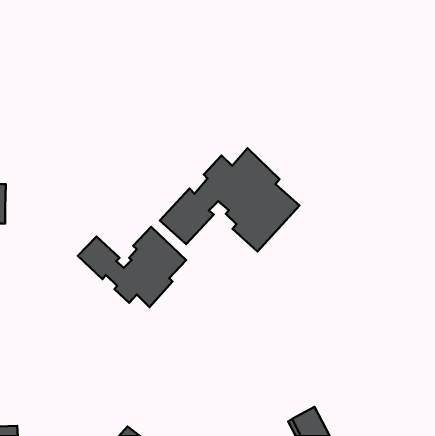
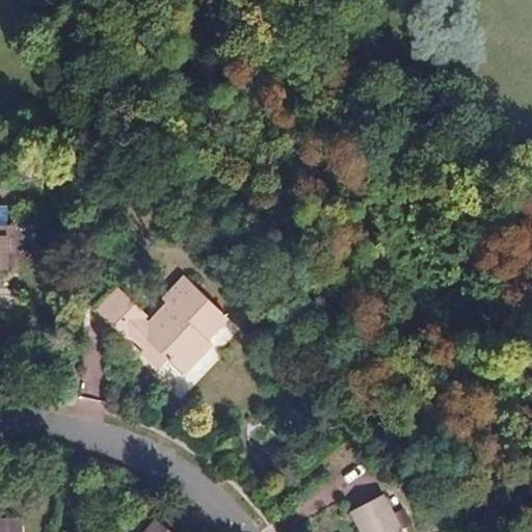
building: [160,148,299,252] -> none

